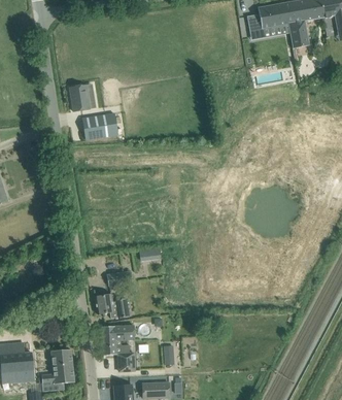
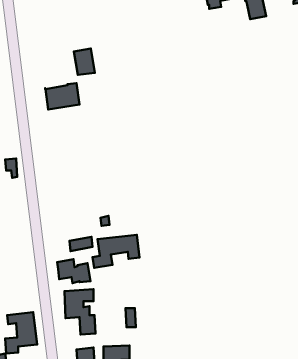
building: [69,84,91,110] -> [74,49,95,75]
building: none -> [92,235,140,268]

